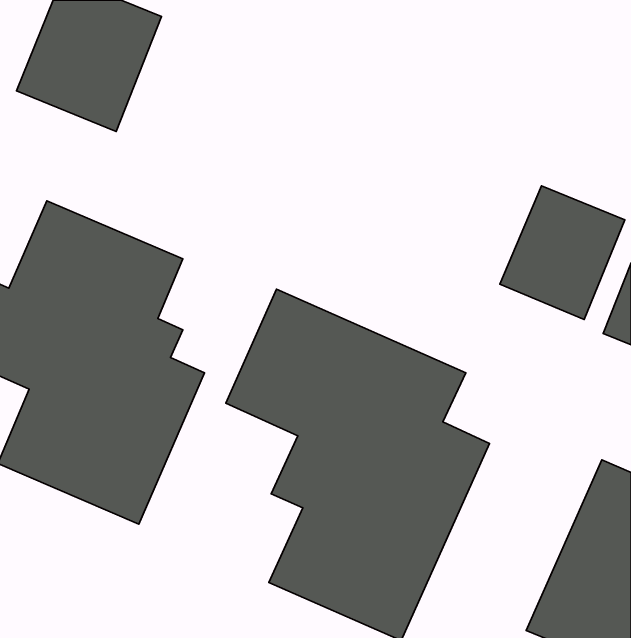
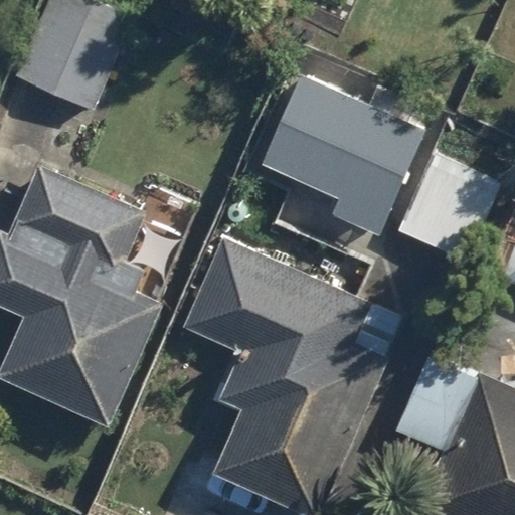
building: none -> [261,73,427,233]

